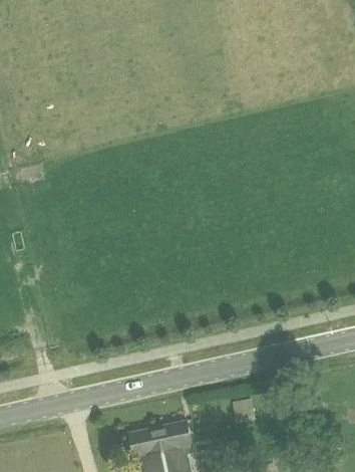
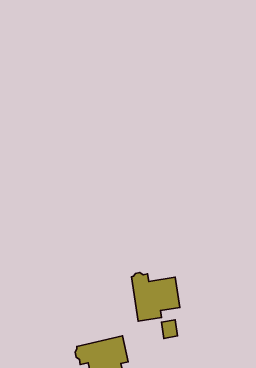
building: none -> [131,273,180,321]

